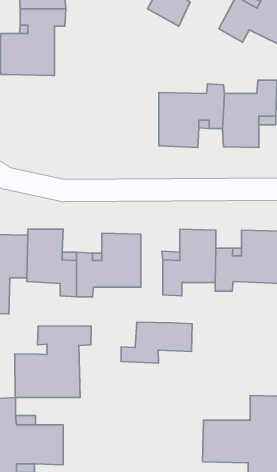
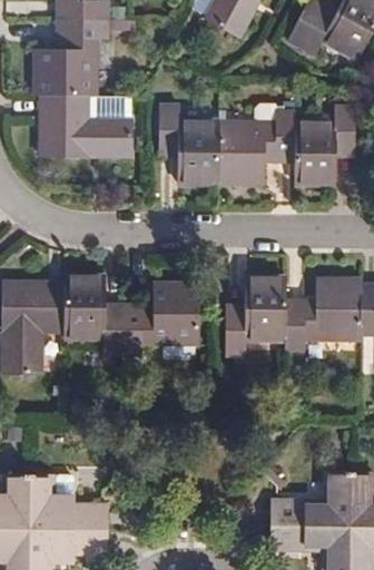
building: none -> [41,95,134,156]
building: none -> [159,99,219,178]
building: [121,322,192,363] -> none
building: [15,326,91,397] -> none

